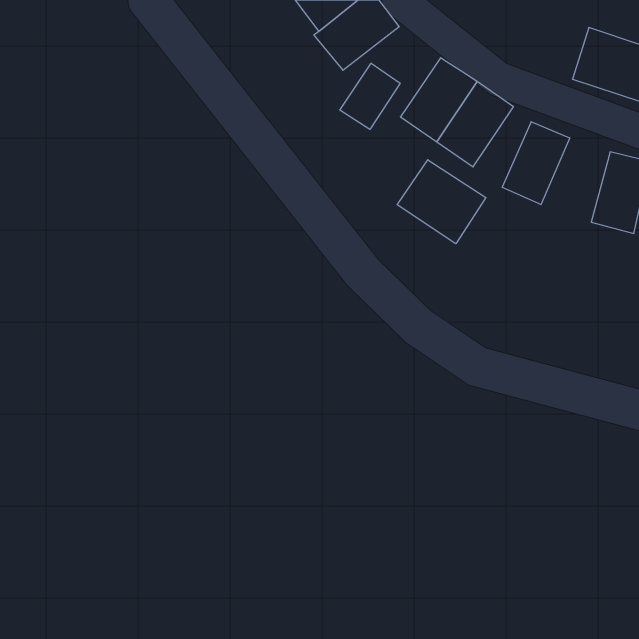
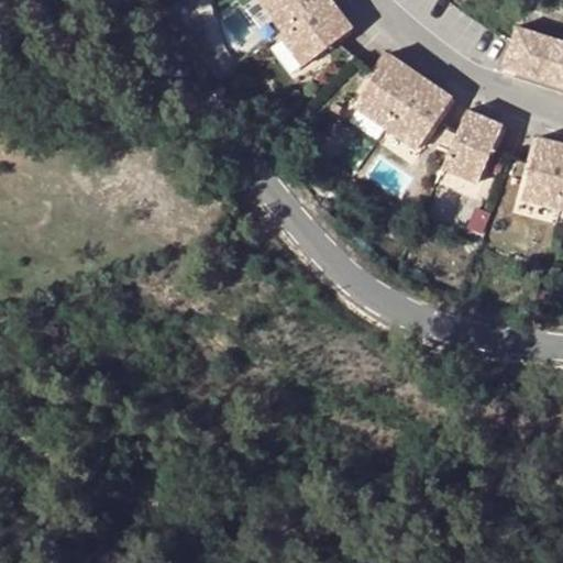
building: [340,63,400,129] -> none
building: [397,160,486,244] -> none

